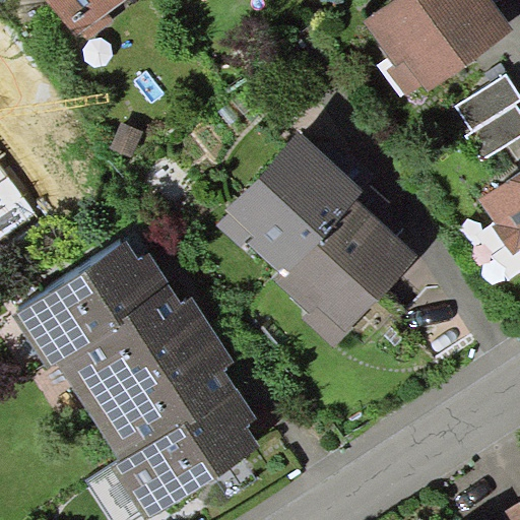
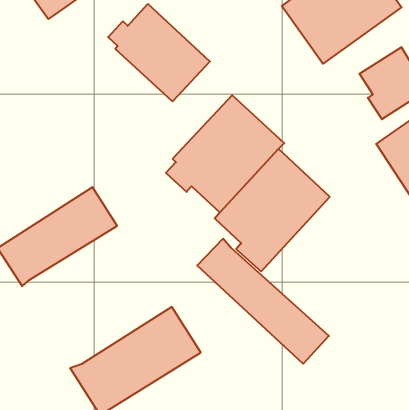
building: none -> [108,4,210,101]
building: [52,282,237,460] -> none
building: none -> [197,239,329,364]

